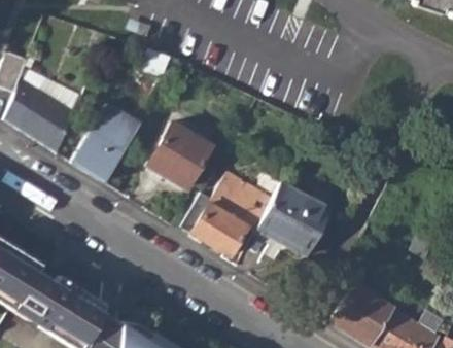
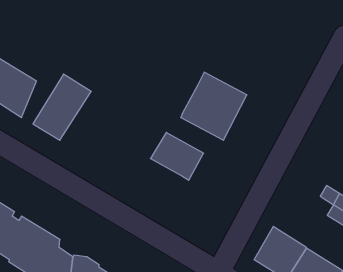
building: [148,123,211,188] -> none
building: [255,182,334,263] -> [181,72,247,140]
building: [193,204,249,256] -> none

